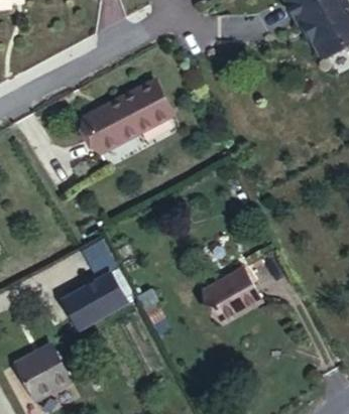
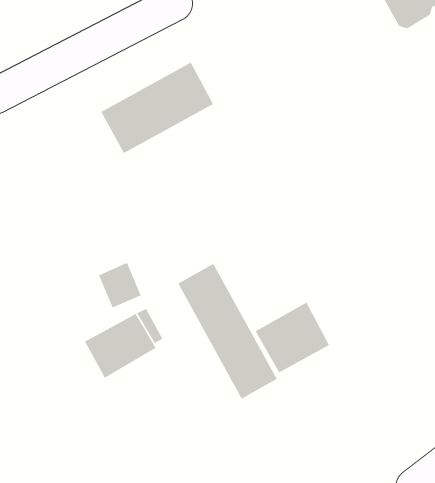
building: none -> [177,263,278,399]
building: [20,344,76,401] -> none

